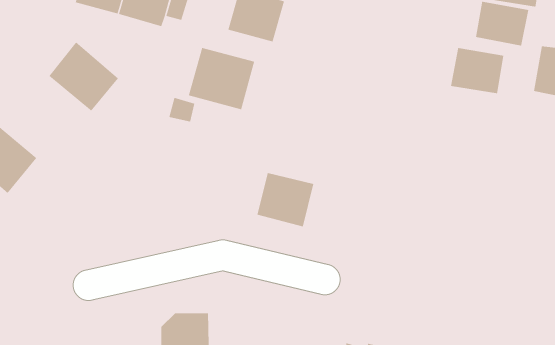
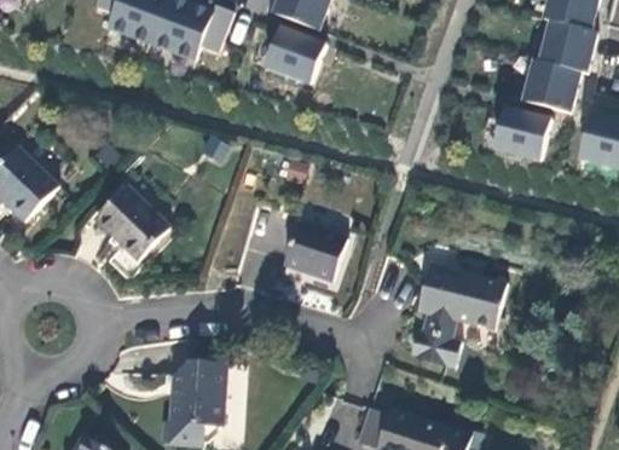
building: [49,41,119,112] -> [92,186,166,261]
building: [188,47,255,110] -> none
building: none -> [403,244,503,342]

